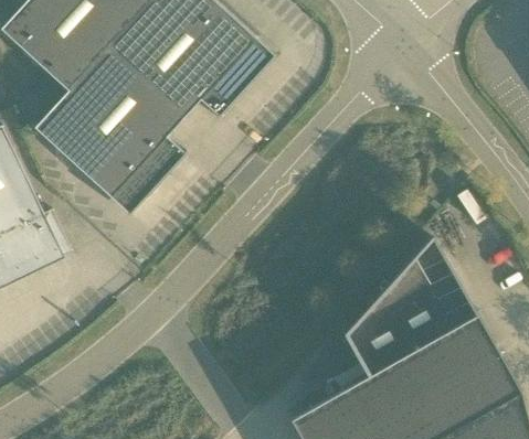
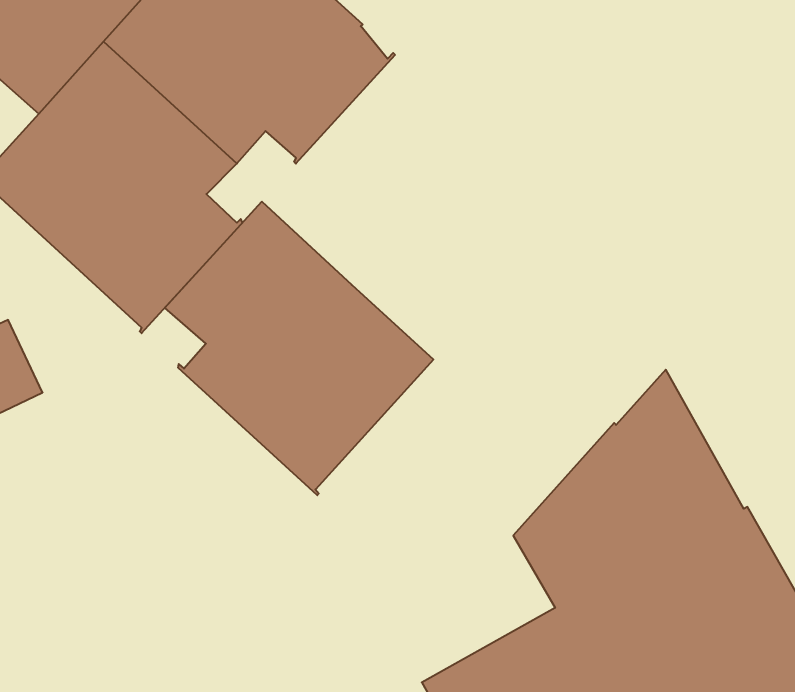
building: none -> [165,202,433,495]

